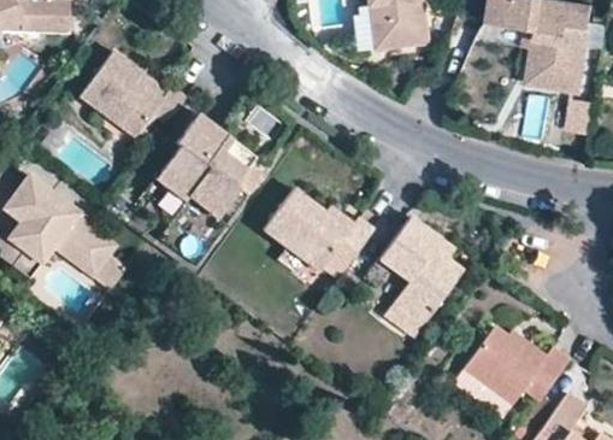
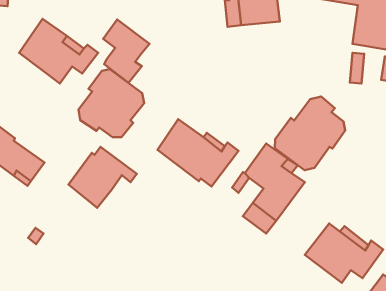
building: none -> [103,19,150,83]
building: none -> [275,96,345,170]
building: none -> [68,147,137,208]

